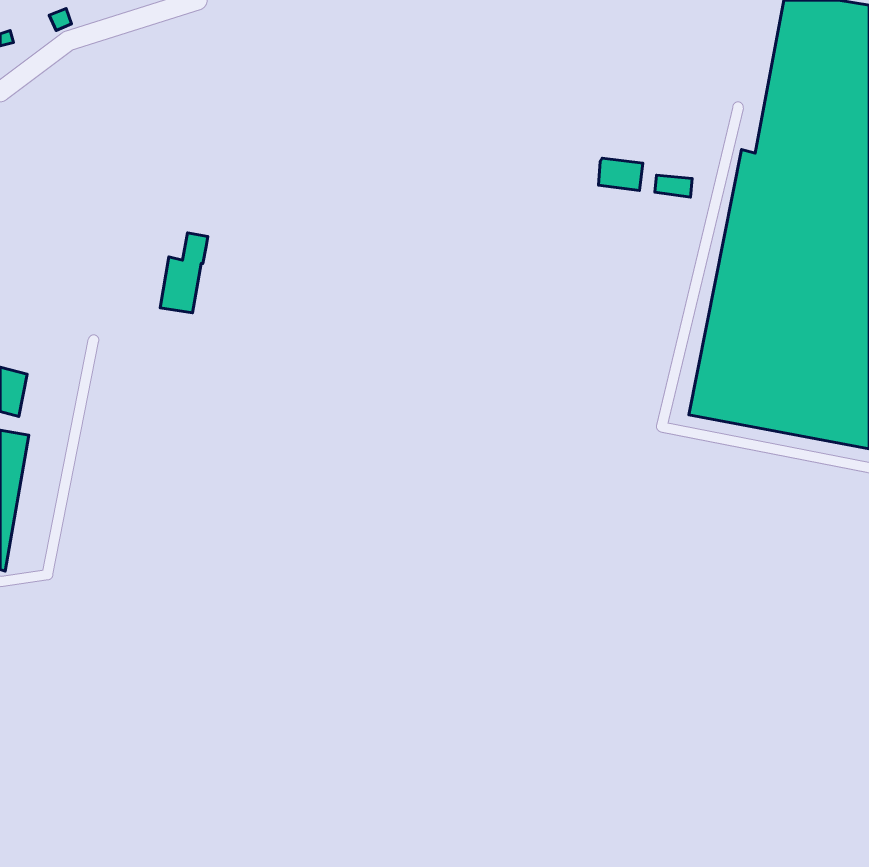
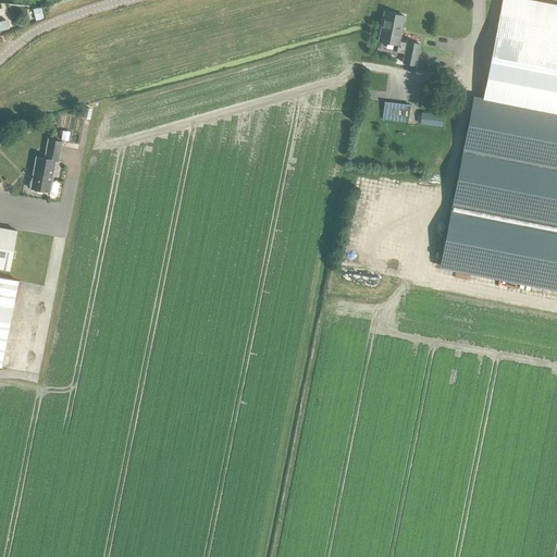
building: none -> [379,13,420,66]
building: [160,233,208,313] -> [30,140,61,191]

